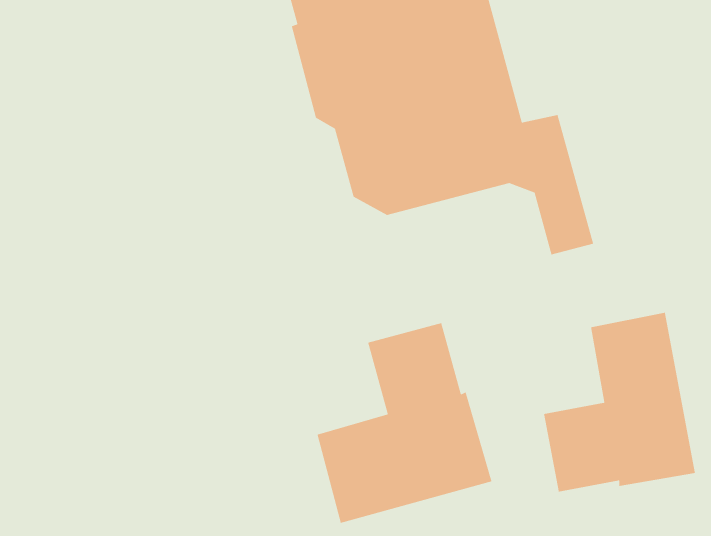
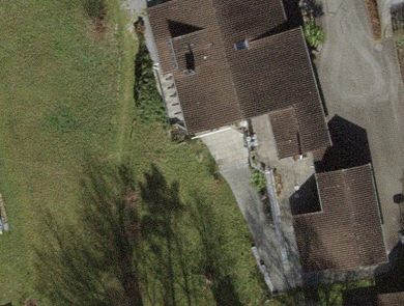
building: [316,322,492,524] -> none

